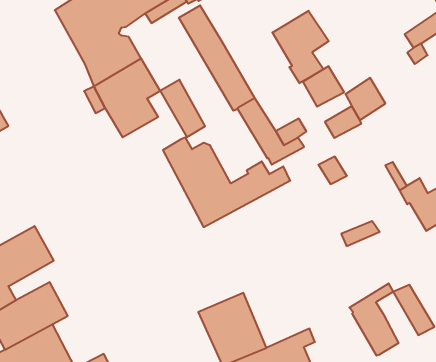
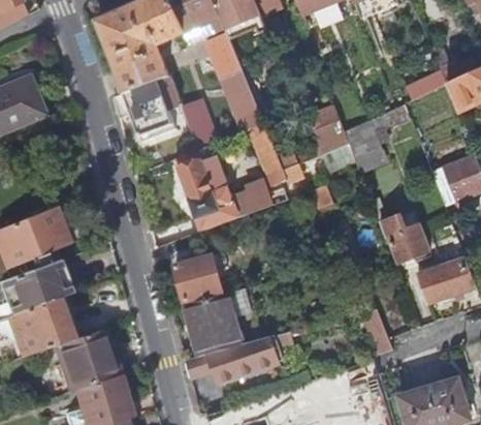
building: [272,11,329,83] -> none
building: none -> [177,252,227,300]
building: [349,283,398,356] -> none

